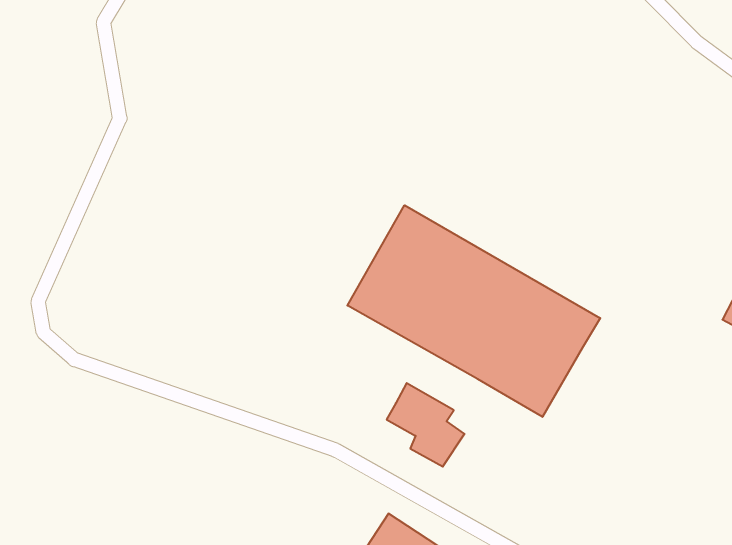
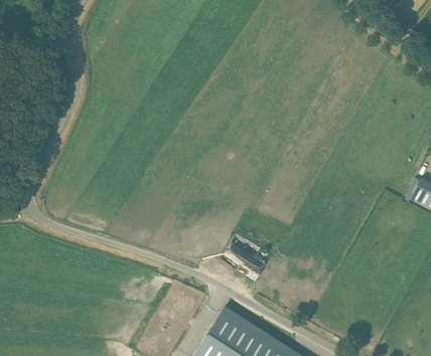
building: [347,205,600,417] -> none

